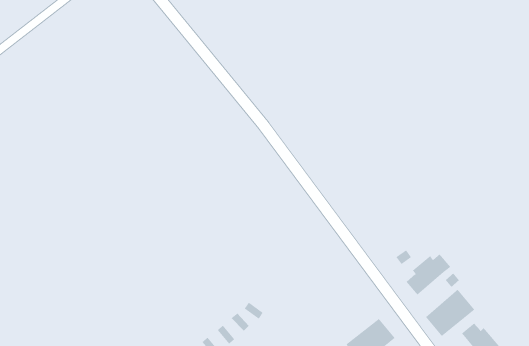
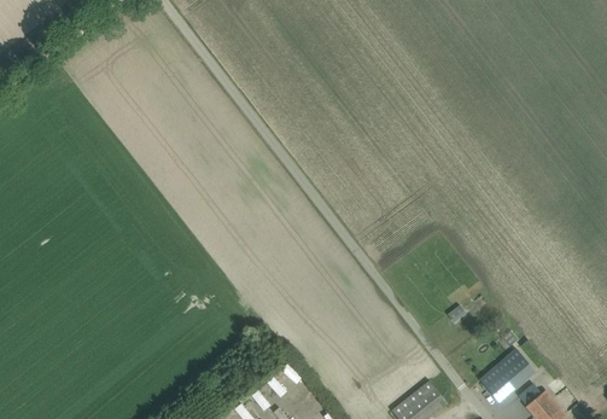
building: [406,254,451,295] -> none

